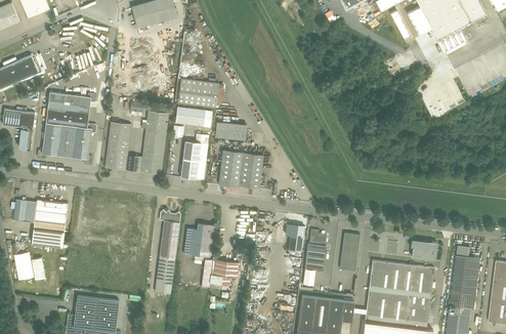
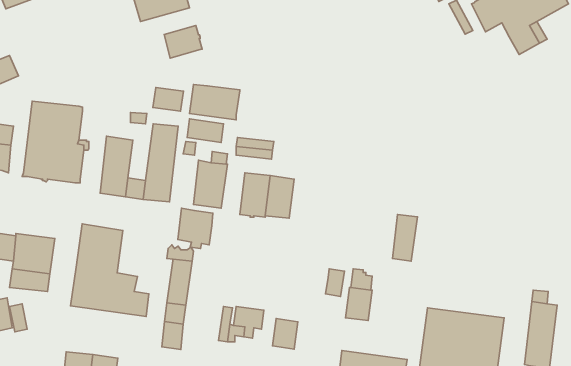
building: none -> [164,25,202,58]
building: none -> [153,88,183,111]
building: none -> [70,224,149,316]
building: [183,227,212,260] -> [178,208,213,248]
building: [339,234,360,272] -> [392,214,418,261]
building: [410,239,436,260] -> none
building: none -> [272,319,298,349]

